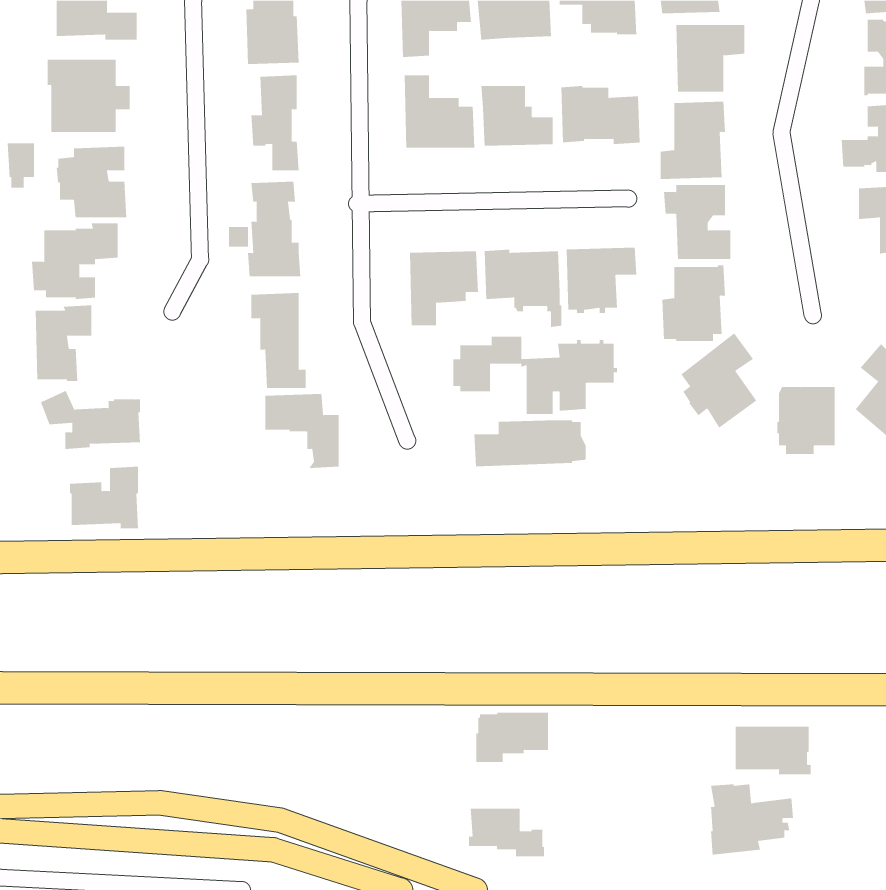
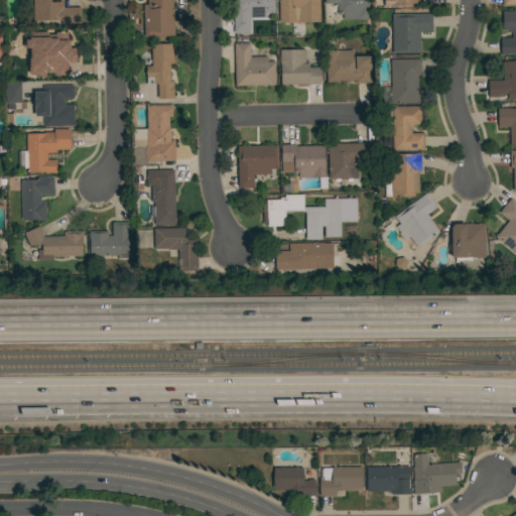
building: [69,466,139,529] -> [90,222,130,258]
building: [476,712,549,763] -> [320,467,363,496]
building: [735,726,811,775] -> [367,467,411,495]

